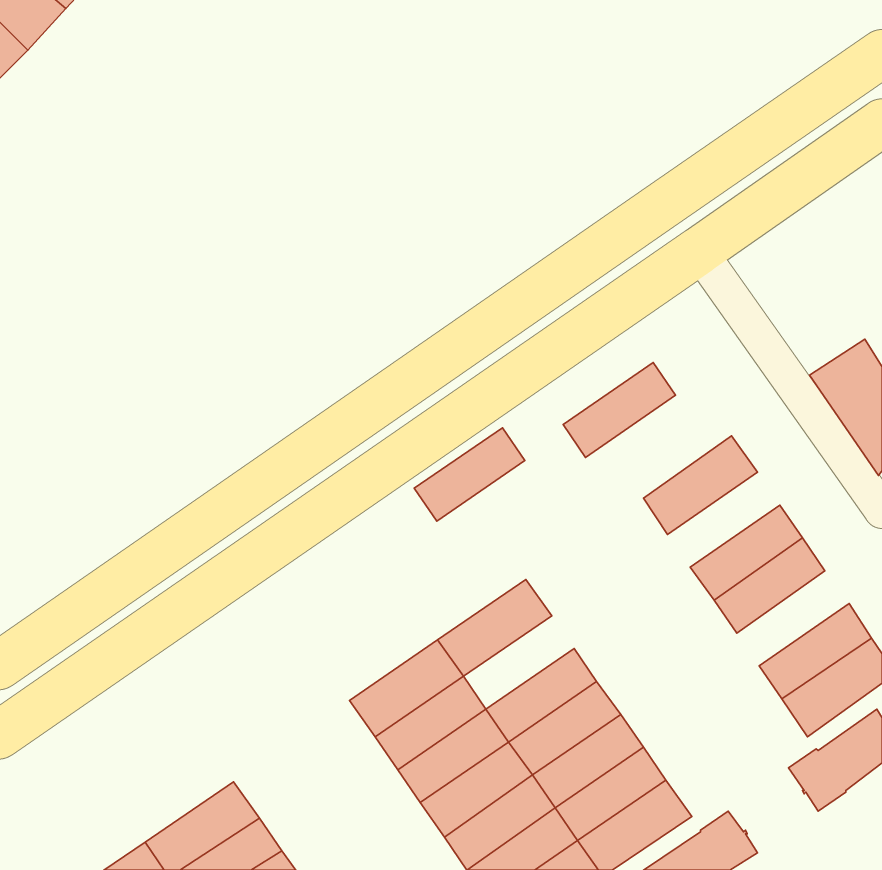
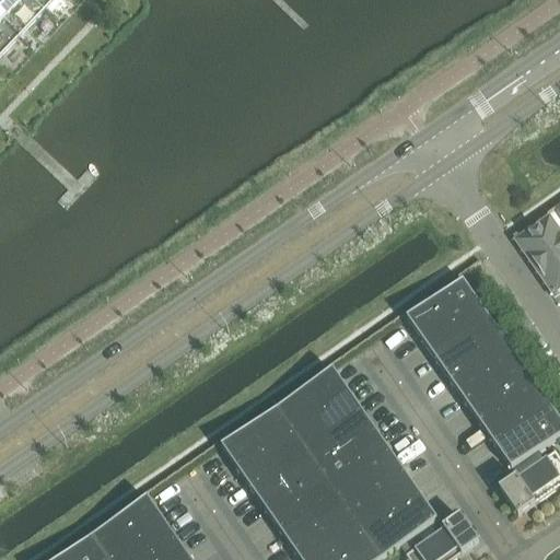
building: [563,362,675,457] -> [422,299,493,359]
building: [414,428,525,521] -> [293,389,363,448]
building: none -> [466,361,537,421]

